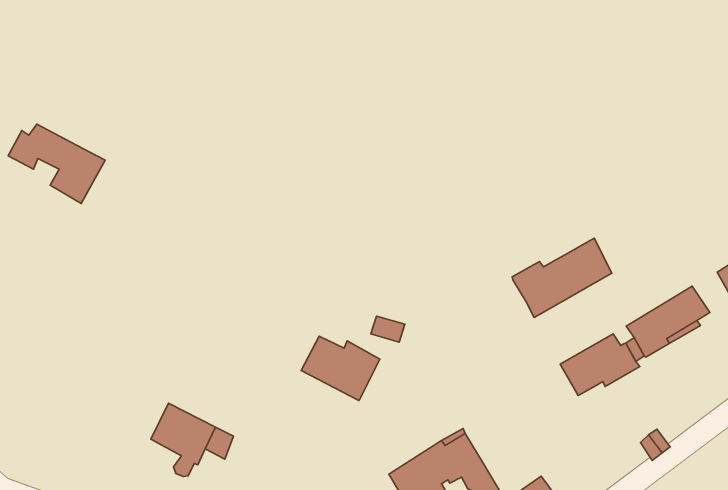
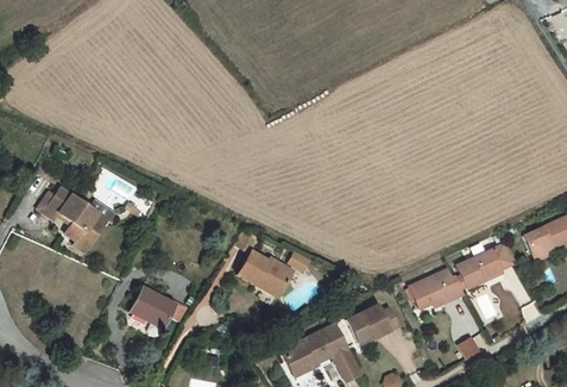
building: [8,124,105,204] -> [37,185,103,242]
building: [512,238,612,317] -> none
building: none -> [351,302,402,341]

